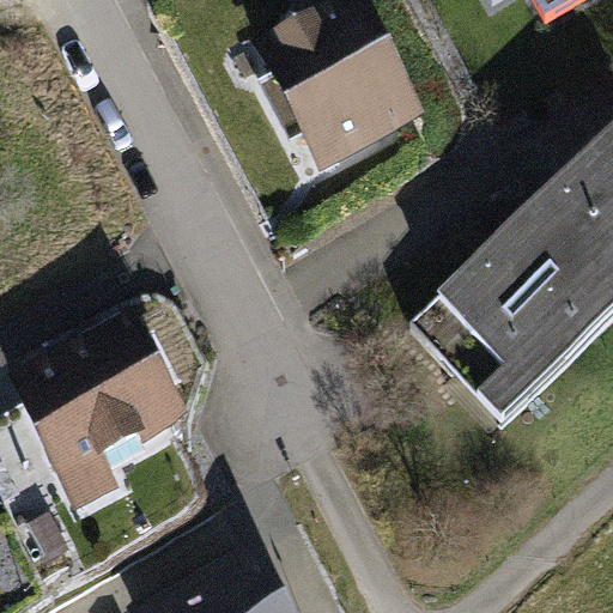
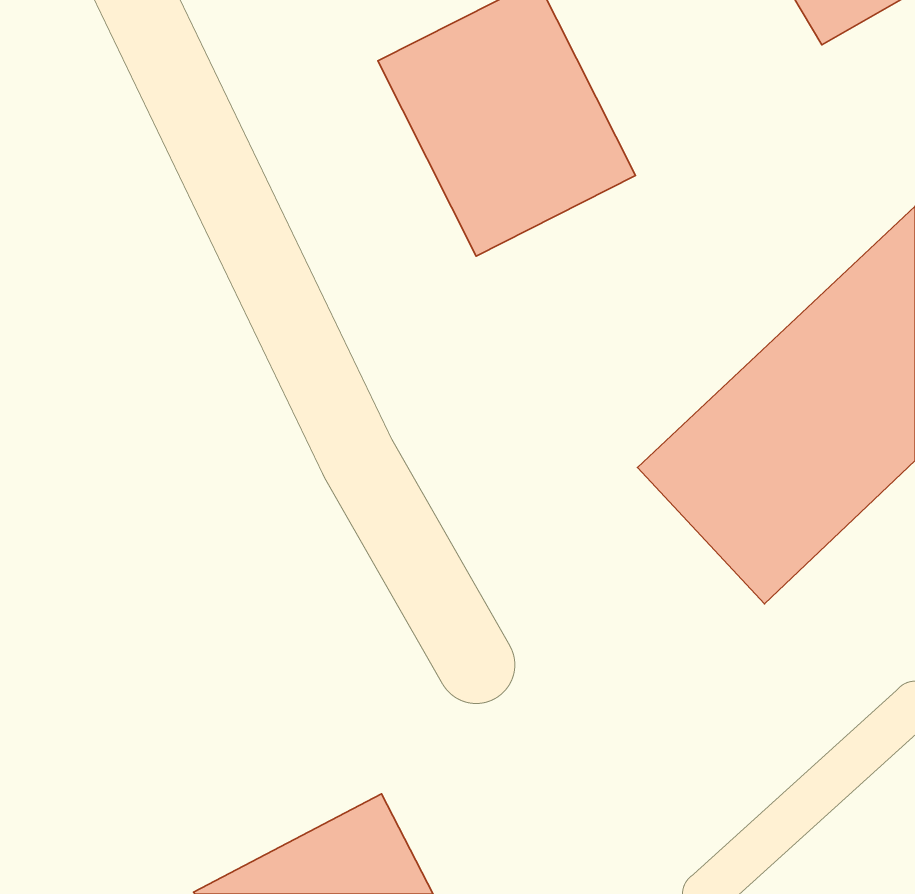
building: [11,320,180,514] -> none

